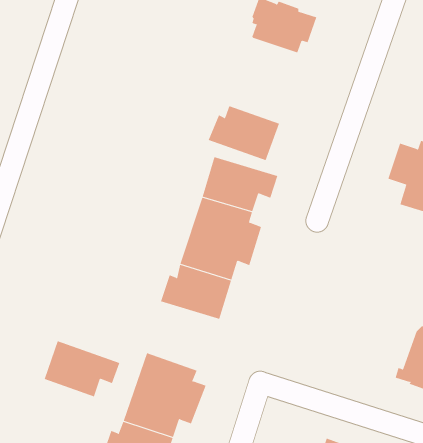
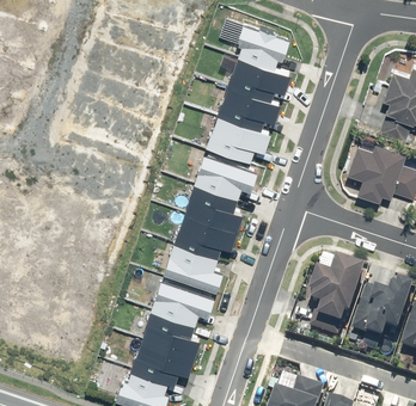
building: none -> [220,57,287,125]
building: none -> [307,259,362,334]
building: [44,340,120,397] -> [154,277,215,322]

